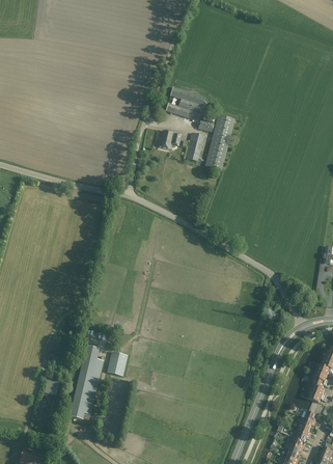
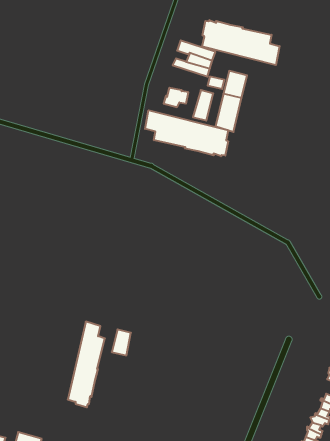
building: none -> [202,20,280,65]
building: none -> [145,110,228,156]

